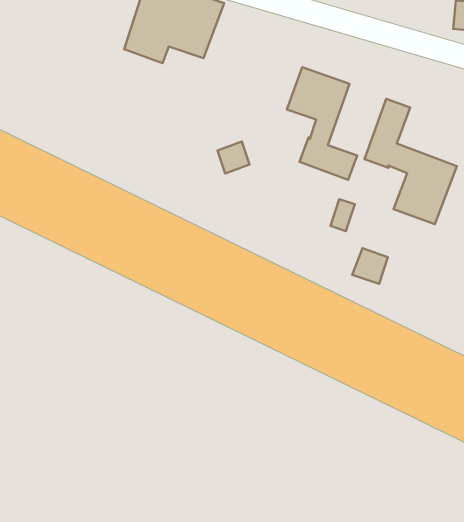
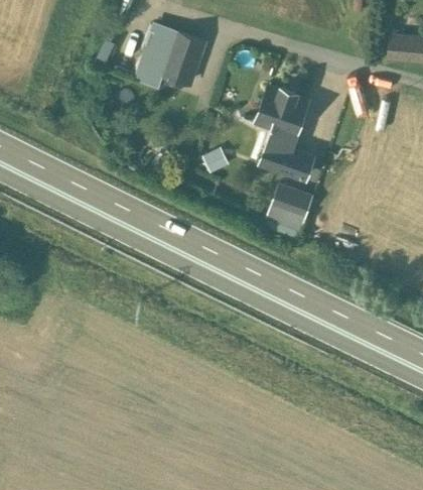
building: [365,99,457,224] -> none
building: [352,248,388,284] -> [270,186,298,214]

